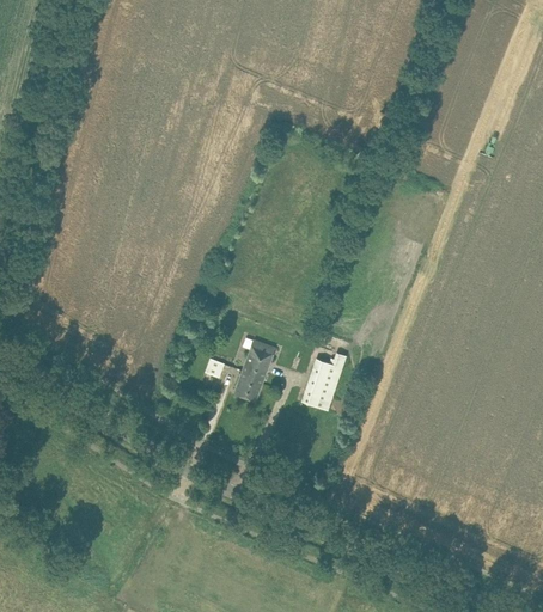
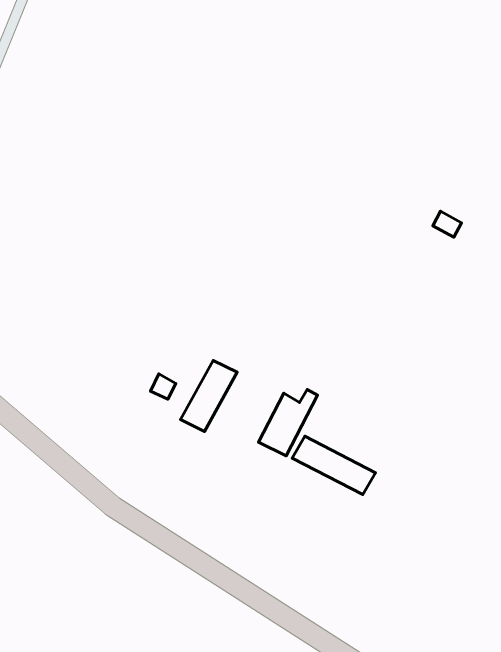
building: none -> [292,436,375,495]

